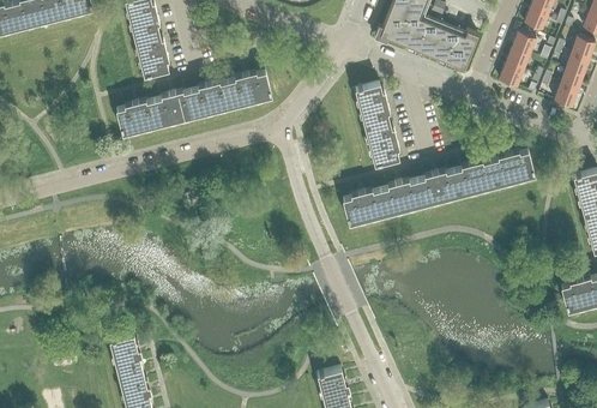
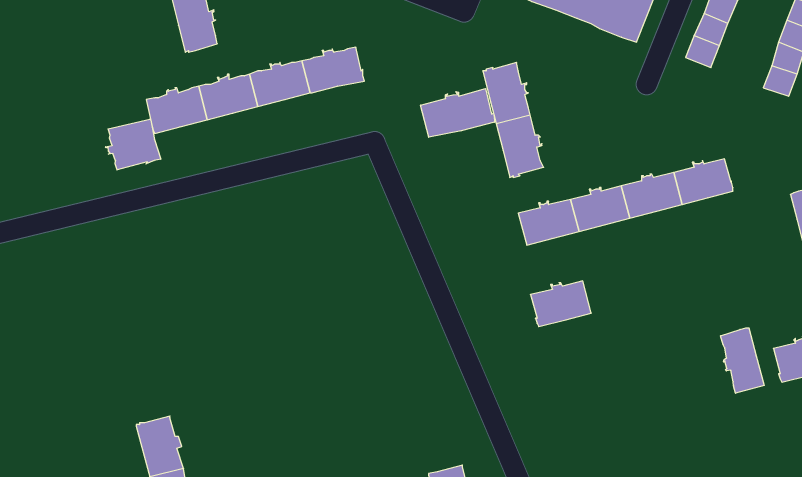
building: none -> [421,89,494,137]
building: none -> [106,119,161,170]
building: [343,191,386,223] -> [530,281,591,327]
building: none -> [721,328,764,393]

